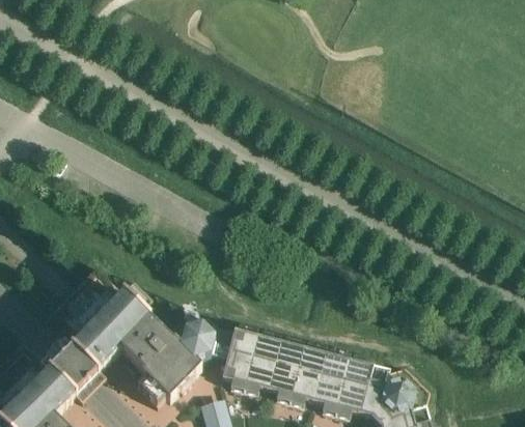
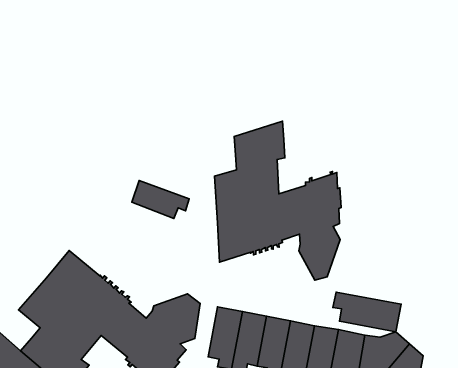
building: none -> [214,121,341,280]
building: none -> [132,181,189,218]
building: none -> [333,292,401,332]

